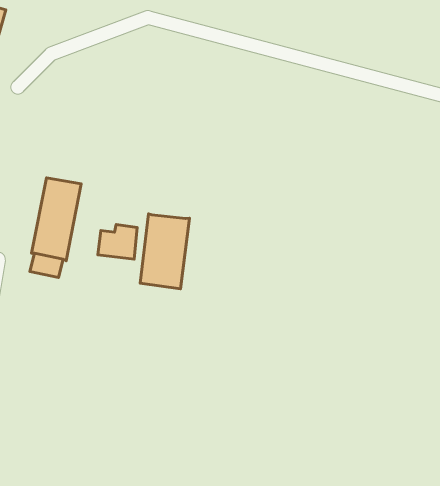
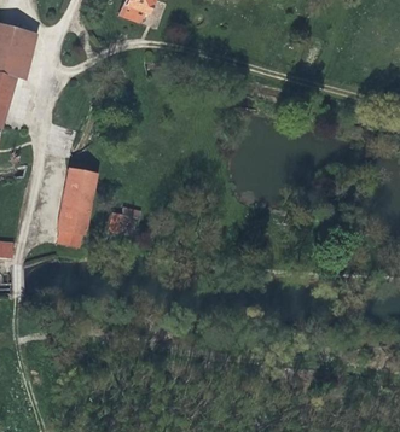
building: [140,214,189,289] -> none

